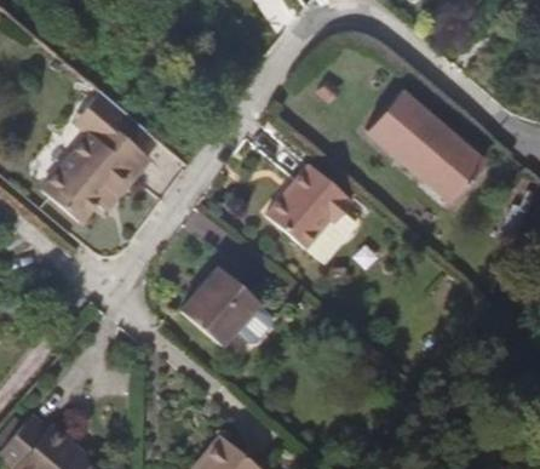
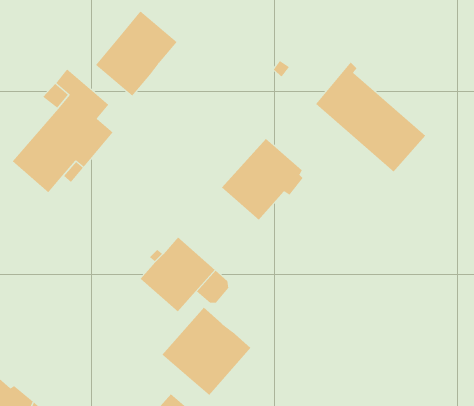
building: none -> [95,11,178,96]
building: none -> [161,307,251,396]

